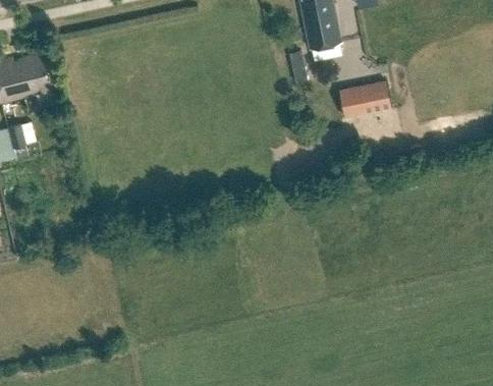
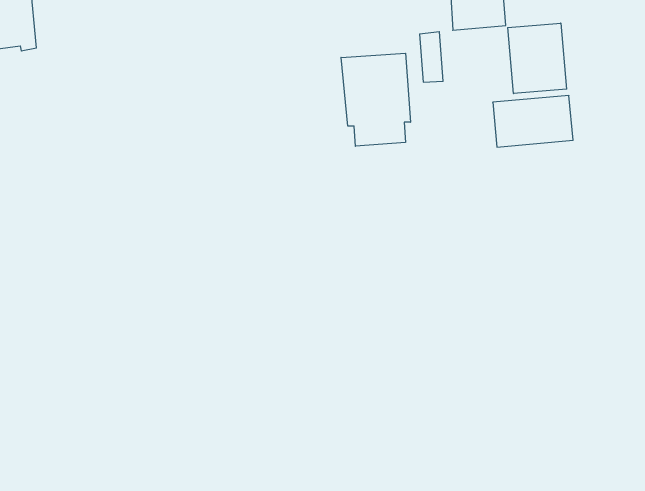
building: none -> [508,23,567,94]
building: none -> [341,53,410,146]

